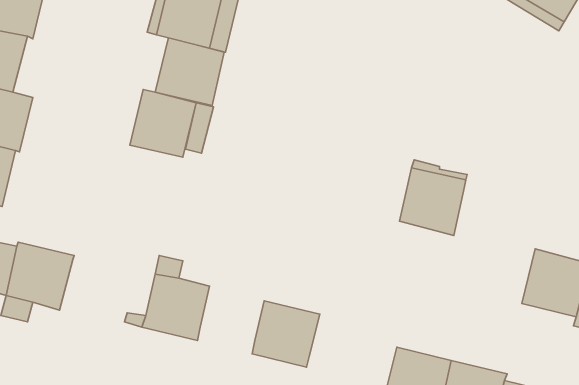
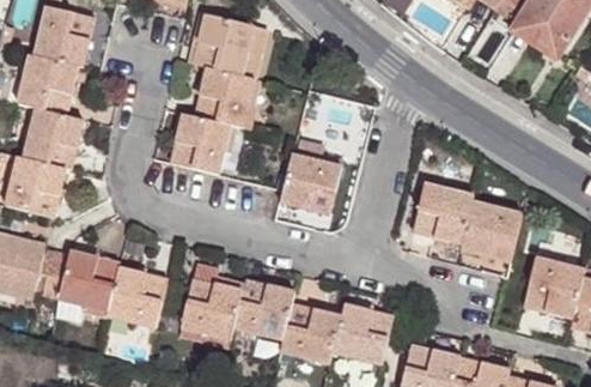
building: none -> [280,155,341,213]
building: none -> [461,200,522,262]
building: none -> [105,266,167,328]
building: none -> [233,279,294,339]
building: none -> [331,302,392,364]

